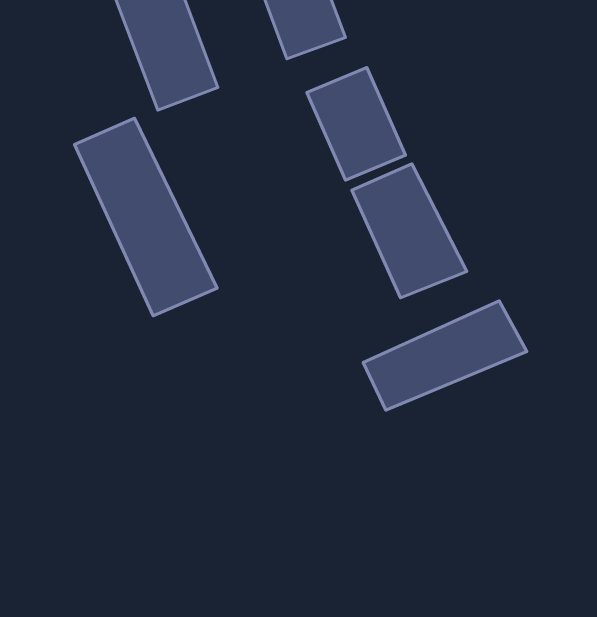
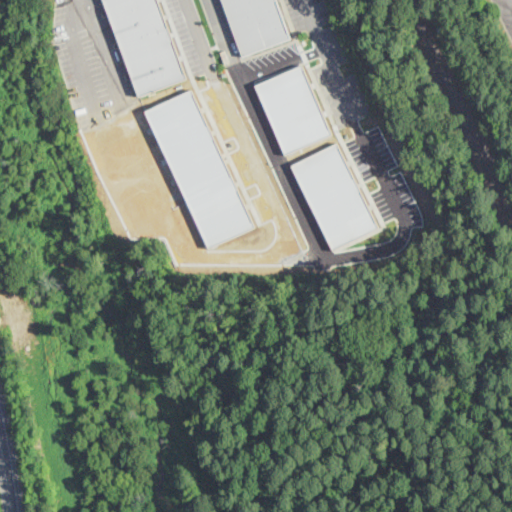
building: [75,118,217,316] -> [142,89,256,247]
building: [363,301,527,410] -> none

